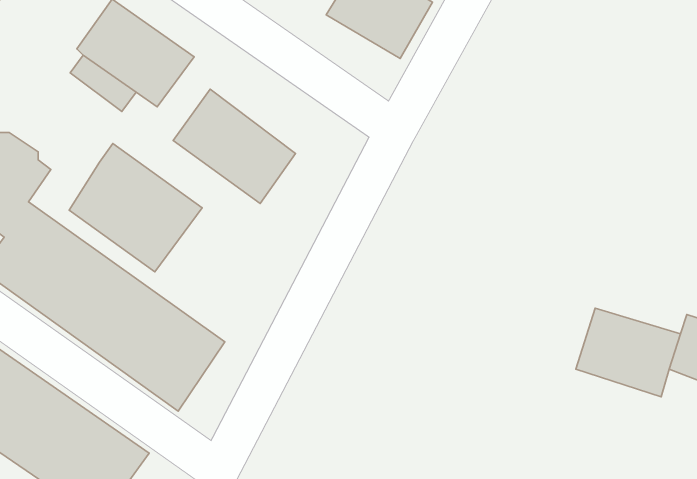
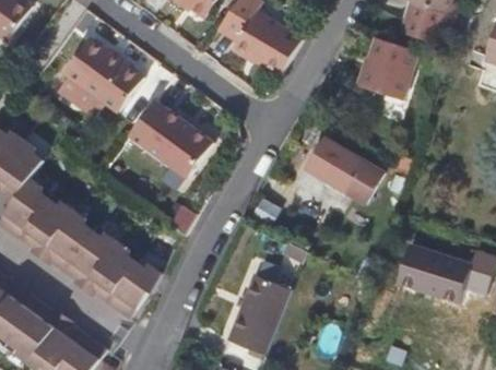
building: none -> [357,43,416,111]
building: [69,143,202,272] -> none
building: none -> [307,140,386,206]
building: none -> [229,277,294,356]

